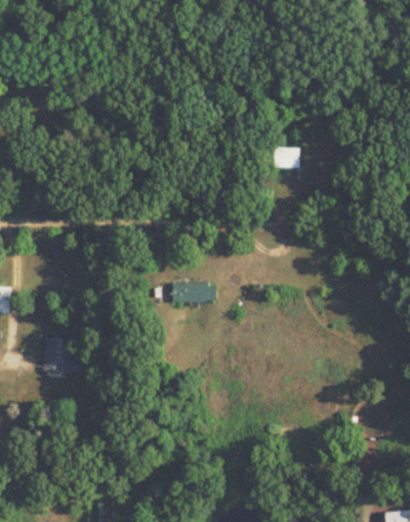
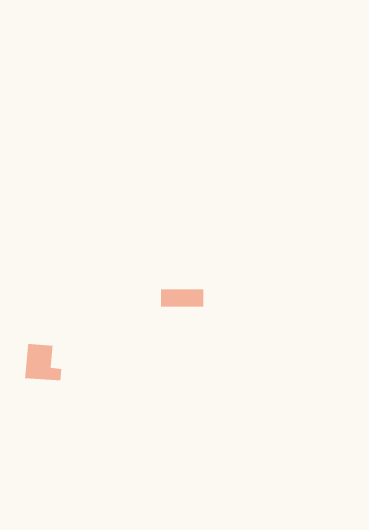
building: [276,147,300,168] -> none

